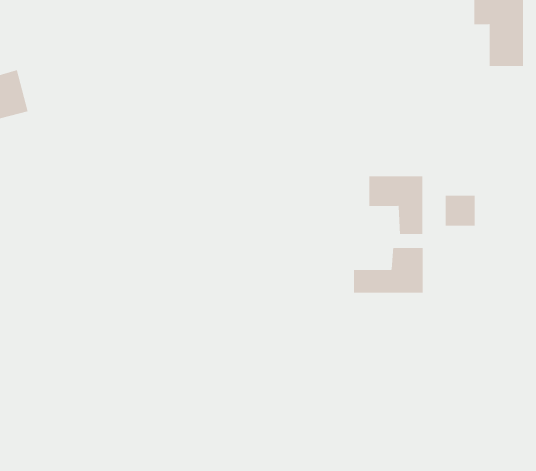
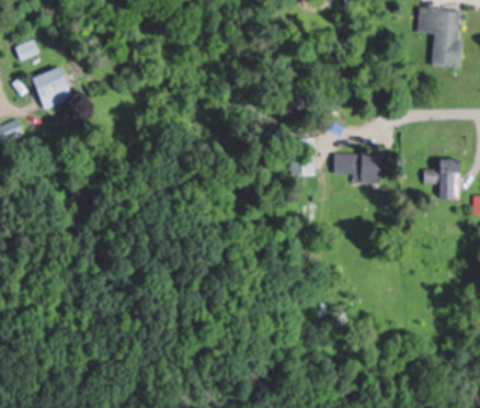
building: [445,195,476,226] -> [435,160,459,184]
building: [354,247,423,293] -> none

